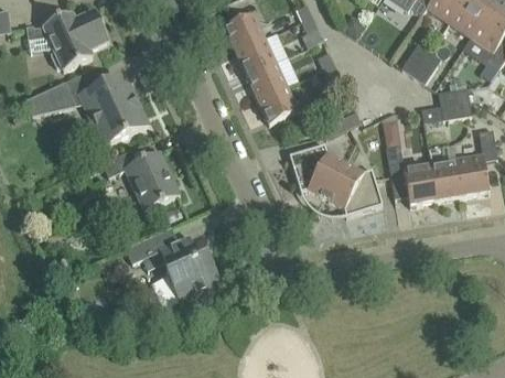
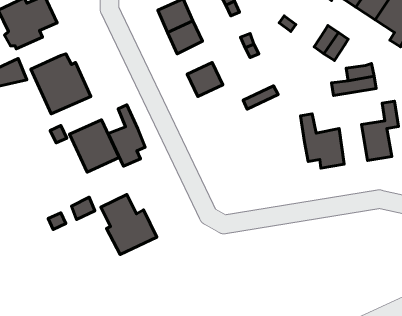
building: [246,61,286,98] -> none
building: none -> [108,105,145,166]
building: [289,143,383,215] -> none
building: [430,155,462,201] -> none

